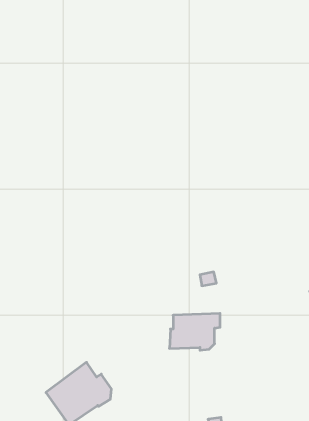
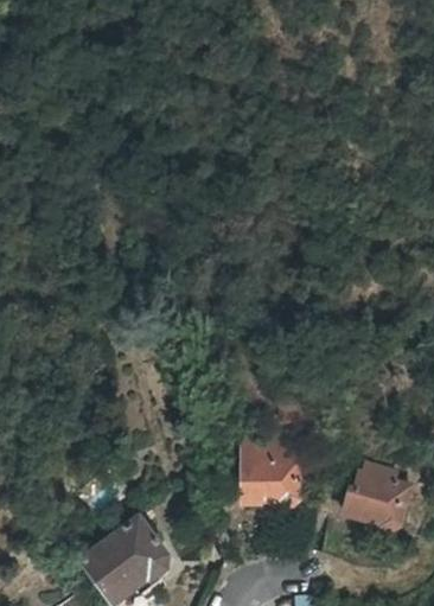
building: none -> [345,470,406,525]

